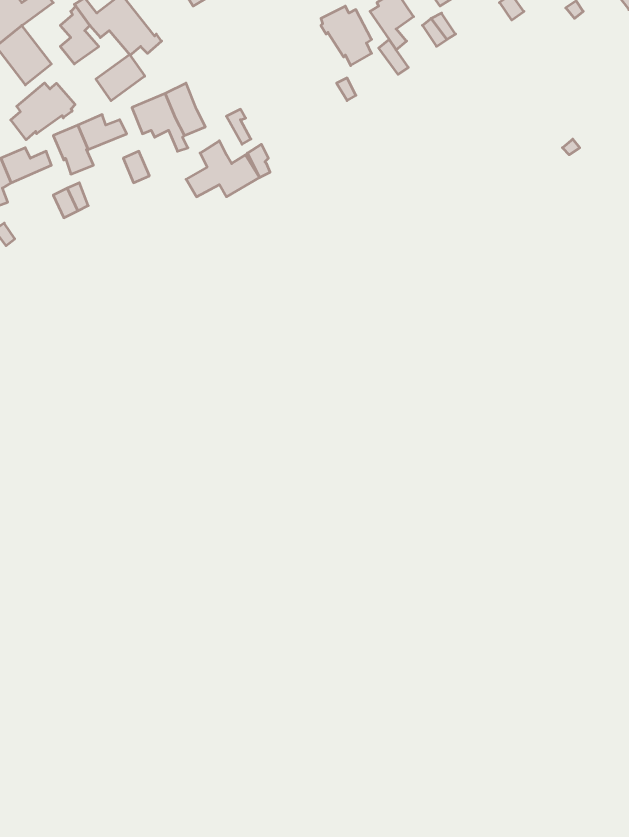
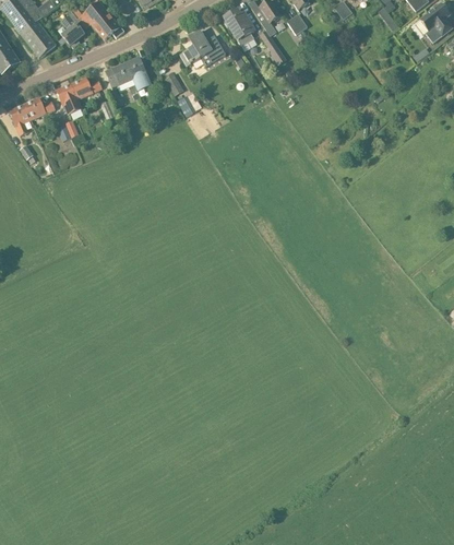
building: [96,54,145,101] -> none
building: [11,83,75,140] -> none
building: [186,141,260,197] -> [180,31,226,66]

